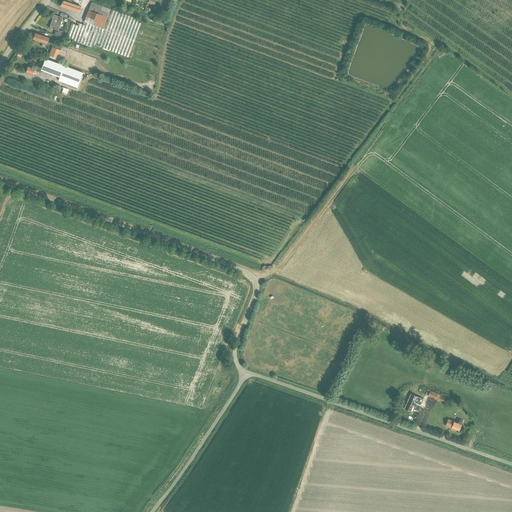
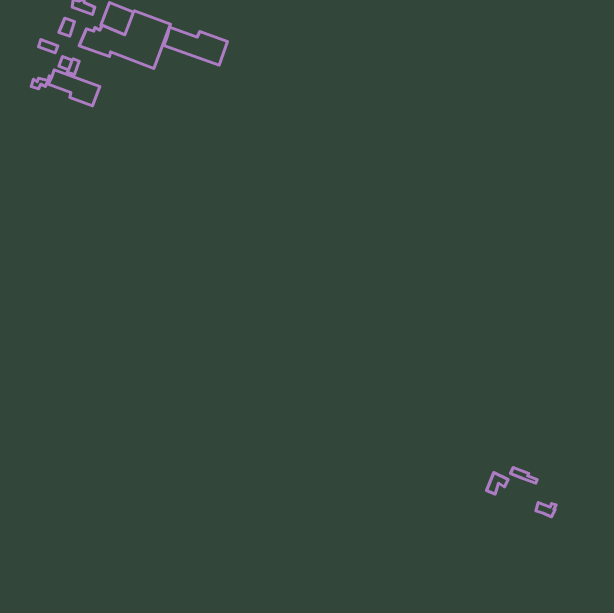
building: none -> [164,27,227,65]

